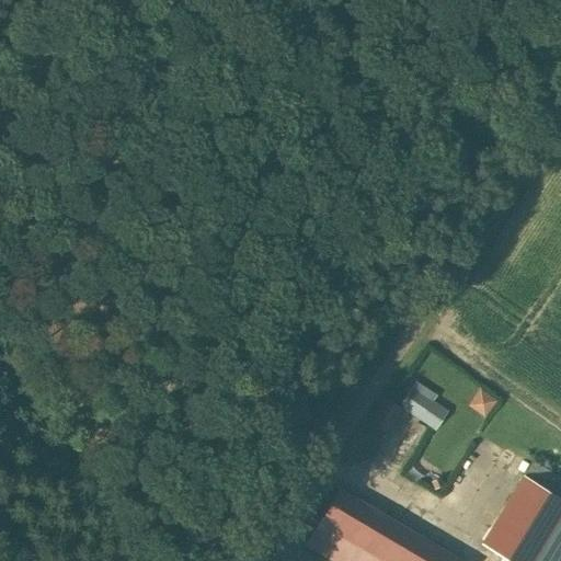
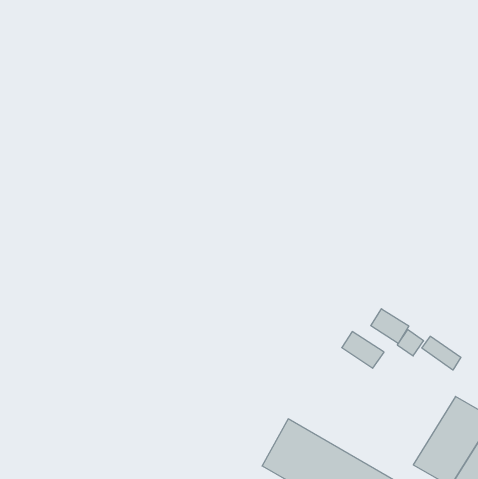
building: none -> [371,309,409,343]
building: none -> [422,336,461,370]

